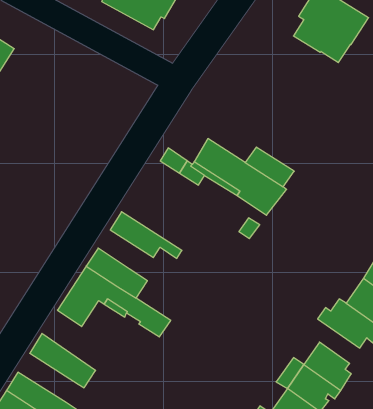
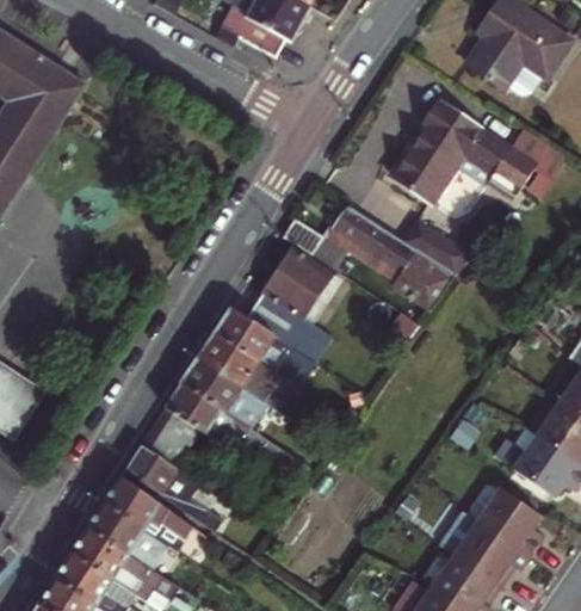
building: none -> [389,99,564,200]
building: none -> [246,248,332,360]
building: none -> [197,332,307,408]
building: none -> [124,443,224,531]
building: none -> [86,502,169,570]

